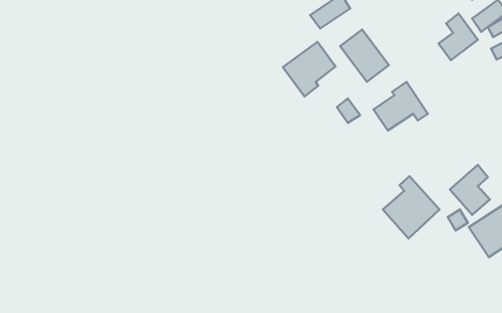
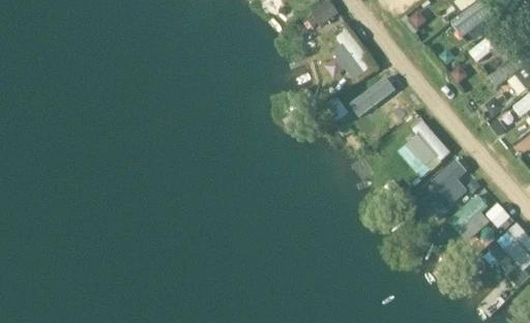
building: [438,14,478,60] -> none
building: [283,42,336,96] -> none
building: [383,176,440,238] -> [398,118,450,176]

